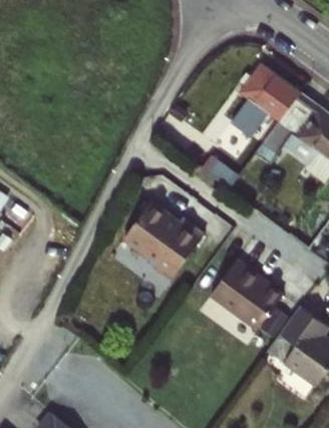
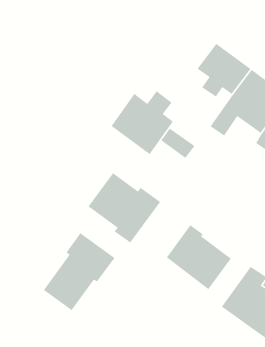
building: none -> [110,90,174,155]
building: none -> [43,232,115,311]

